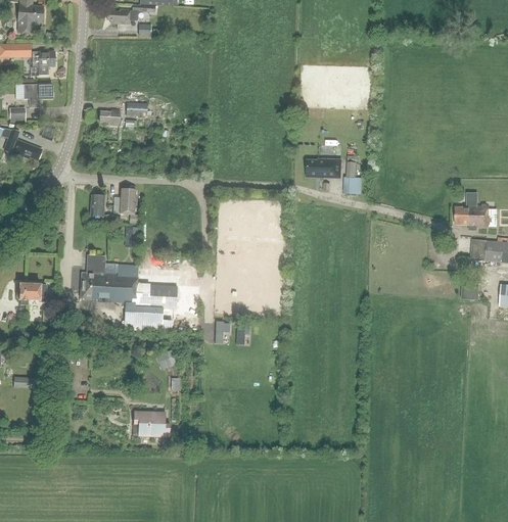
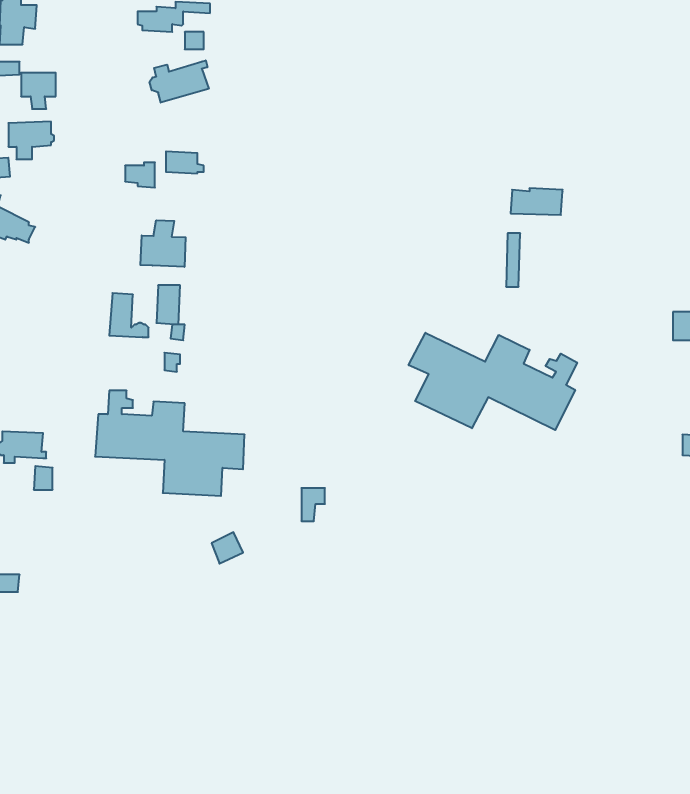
building: none -> [150,60,209,103]
building: none -> [140,220,186,267]
building: [307,158,340,176] -> [511,188,563,215]
building: none -> [409,333,577,430]
building: [133,411,169,435] -> none

